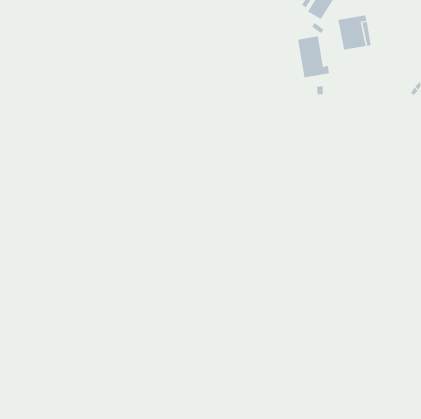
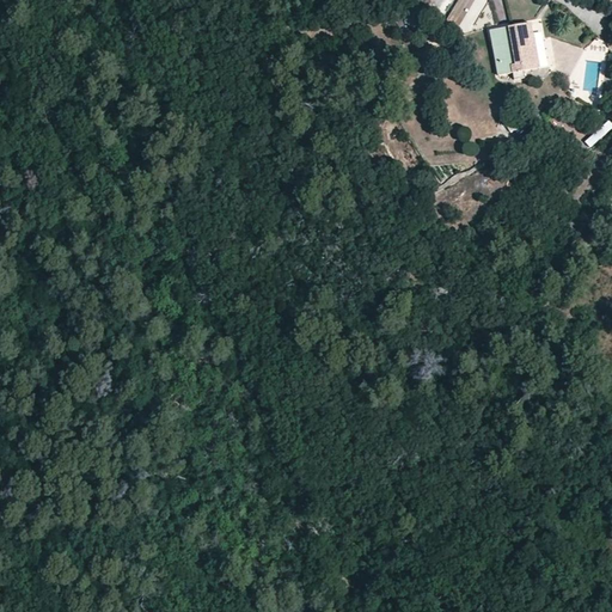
building: [297,35,329,78] -> none

